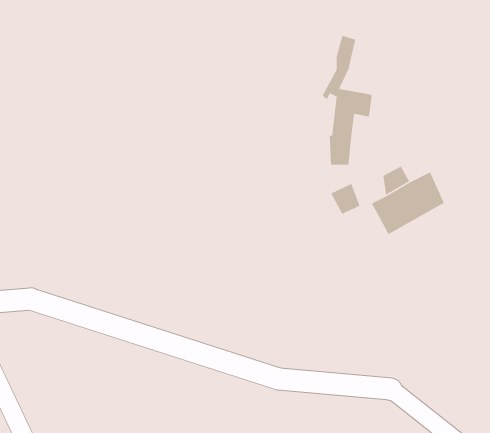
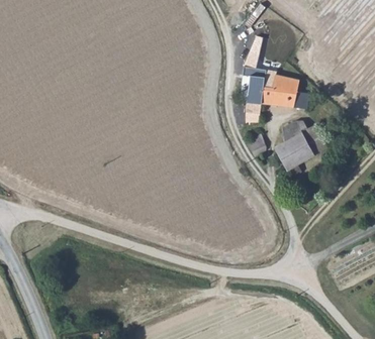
building: none -> [261,76,307,110]

